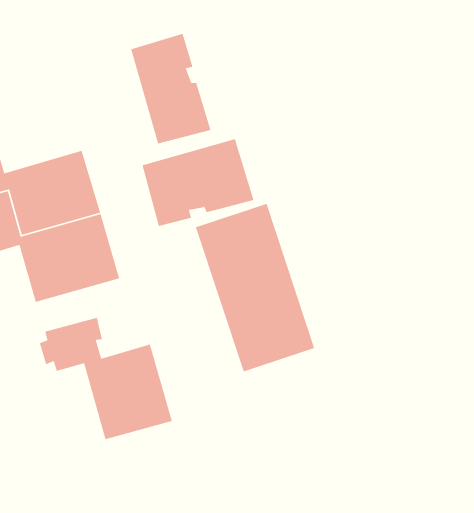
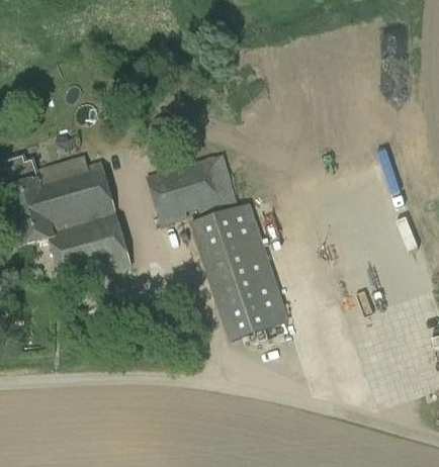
building: [130,33,211,144] -> none
building: [39,317,173,440] -> none

